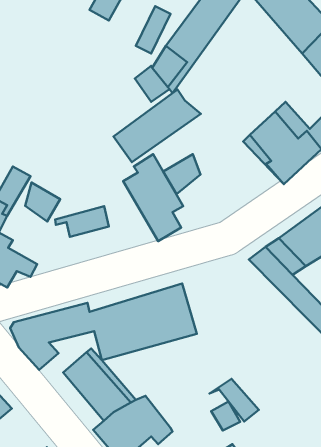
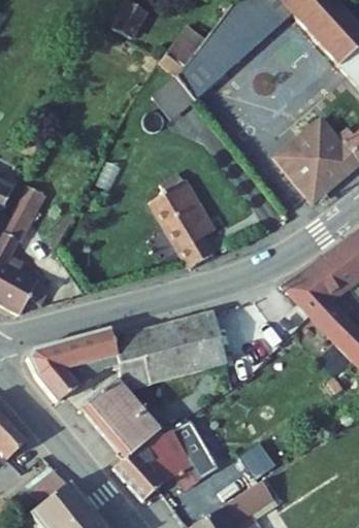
building: [113,89,201,162] -> none
building: [163,154,200,194] -> none
building: [25,183,60,222] -> none
building: [55,206,109,237] -> none
building: [209,379,259,421] -> [160,419,213,464]

